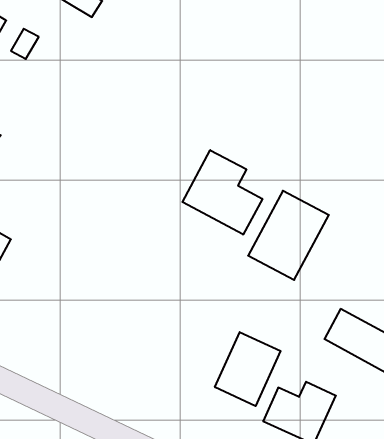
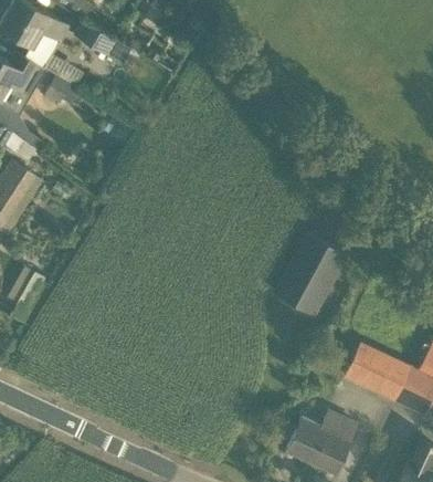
building: [182,150,262,235] -> none
building: [215,332,281,406] -> none

